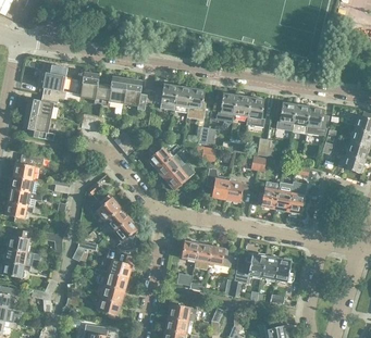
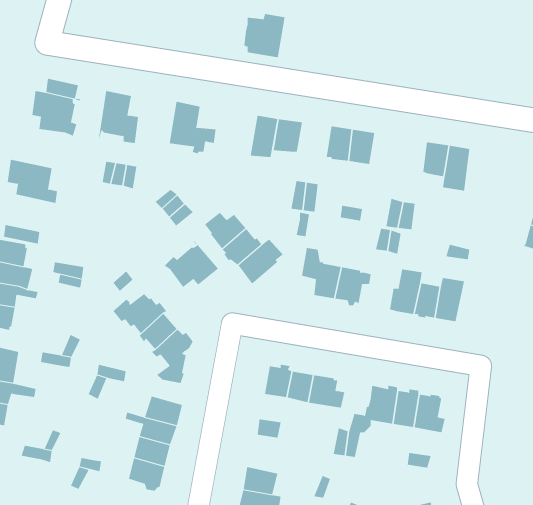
building: [102,75,127,104] -> none
building: [151,84,177,111] -> [243,14,286,58]
building: [25,95,59,118] -> none
building: [246,97,264,127] -> none
building: [306,107,330,140] -> none
building: none -> [164,240,219,288]

